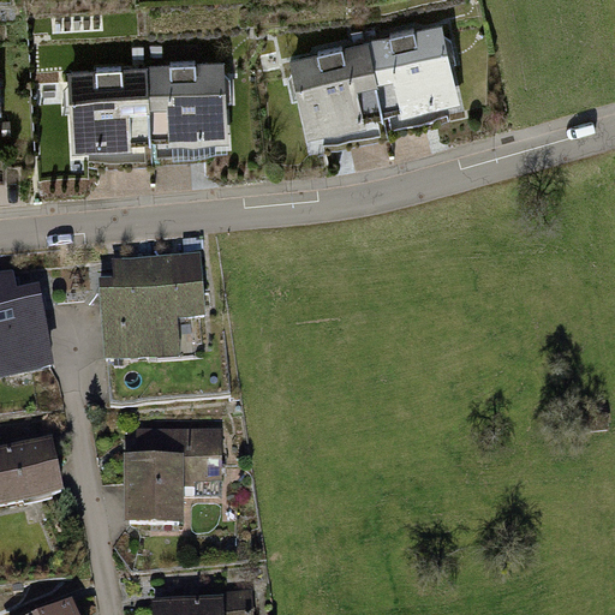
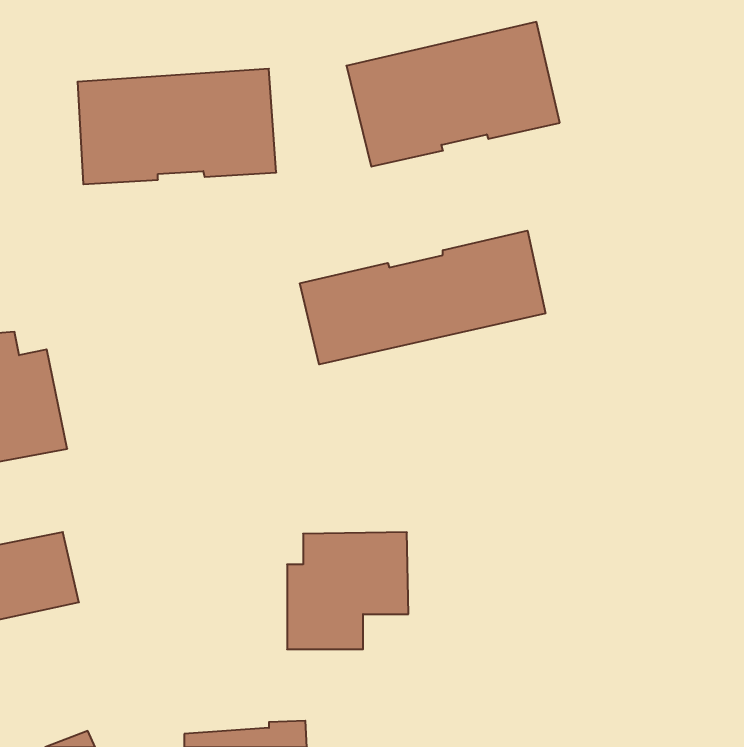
building: none -> [300,231,545,364]
building: [98,255,205,363] -> none
building: [123,430,222,526] -> [287,532,408,649]

